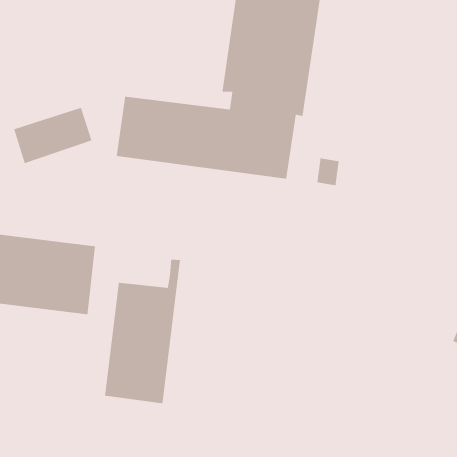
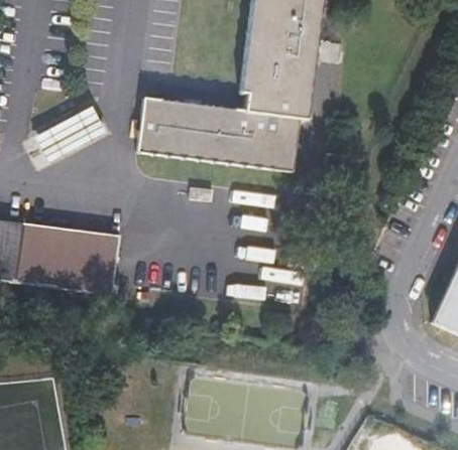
building: [104,259,181,404] -> none

